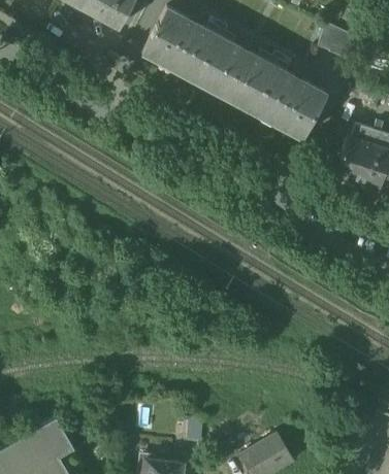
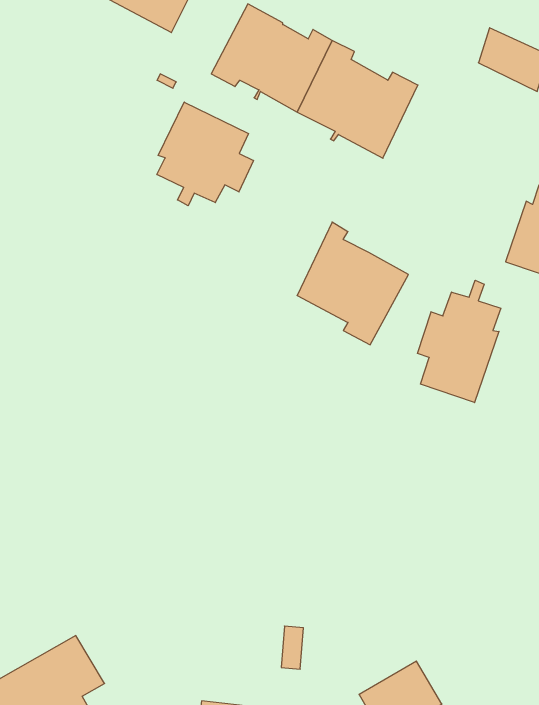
building: [254,60,326,139] -> [297,222,408,345]
building: none -> [157,102,253,206]
building: none -> [417,280,501,403]

